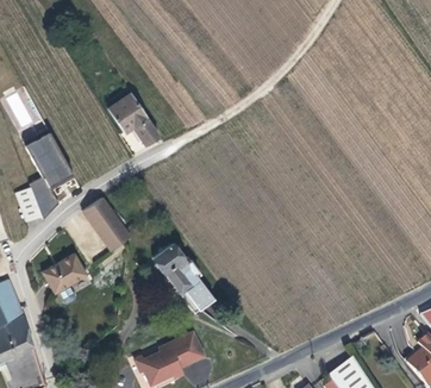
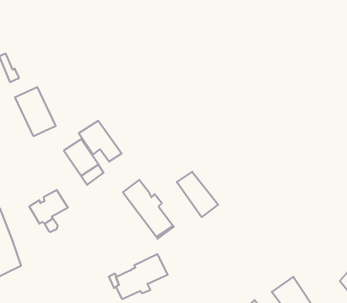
building: [113,94,163,142] -> [79,121,122,162]
building: [20,187,48,223] -> none
building: none -> [177,172,218,217]

